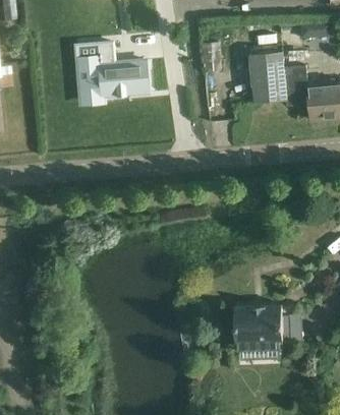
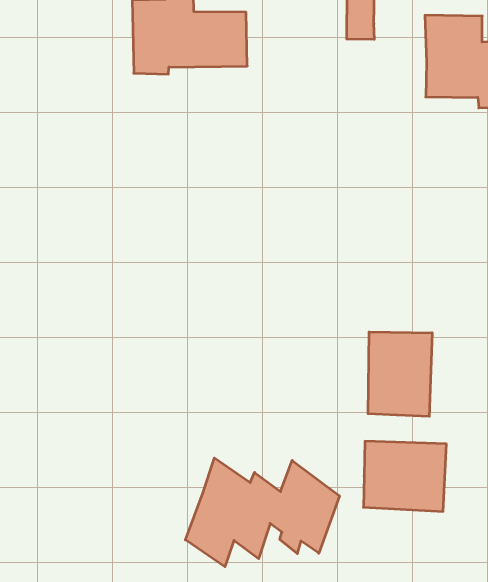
building: none -> [368,332,432,416]
building: none -> [185,458,339,567]

